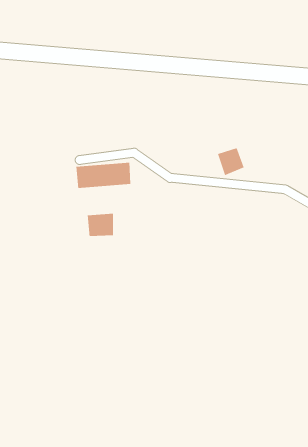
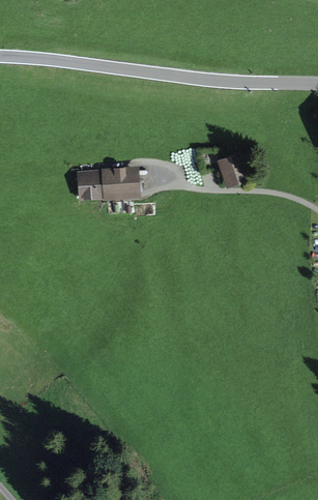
building: [87,213,114,237] -> none

